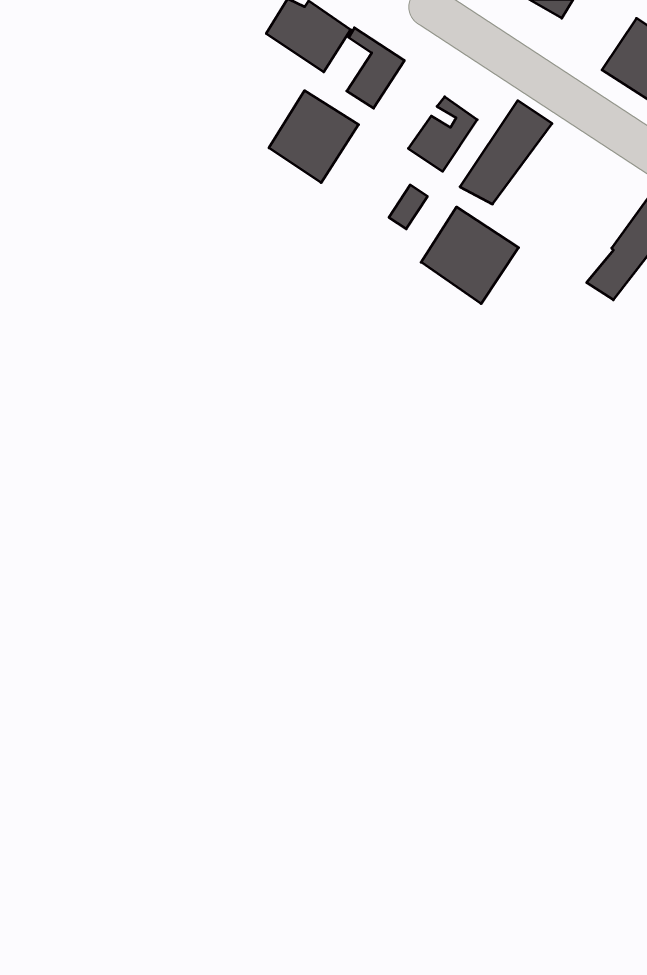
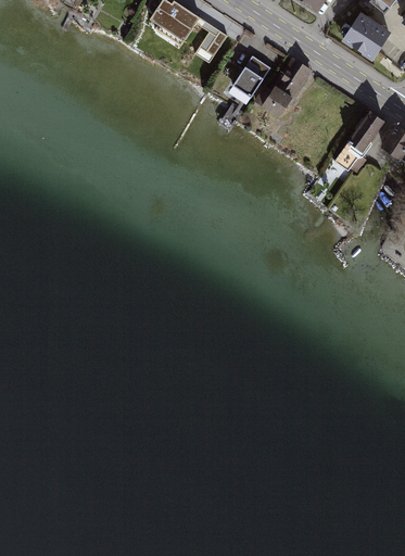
building: [269,91,359,183] -> none
building: [421,207,519,304] -> none

